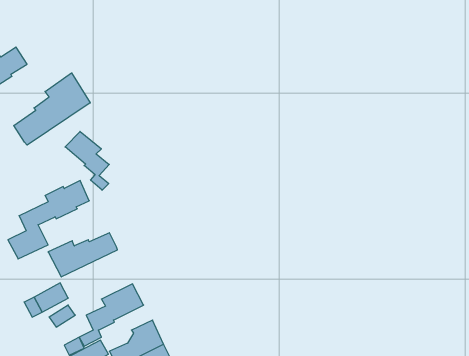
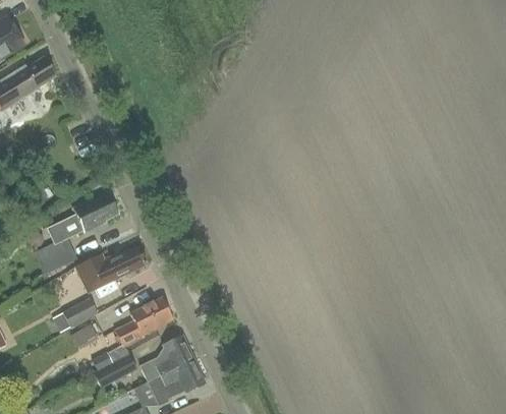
building: [14,73,90,145] -> none
building: [65,131,109,190] -> none

